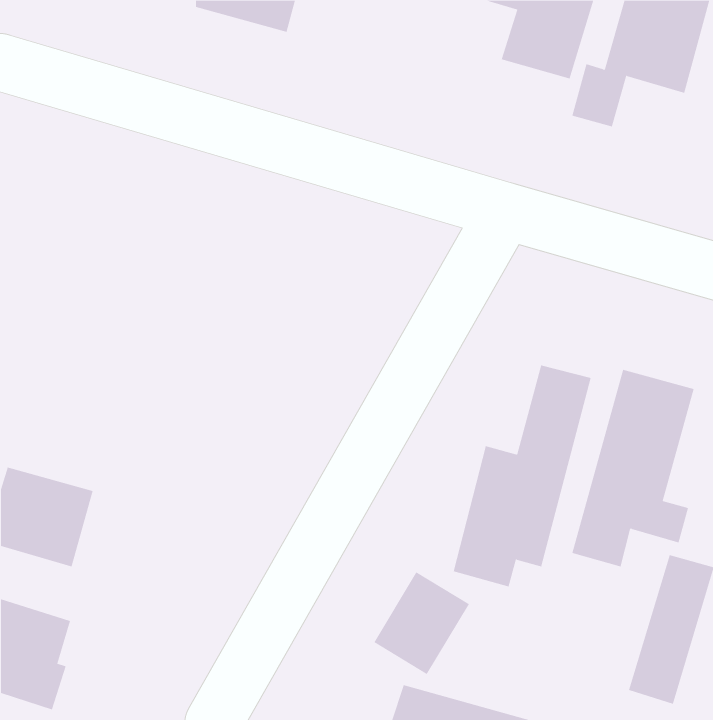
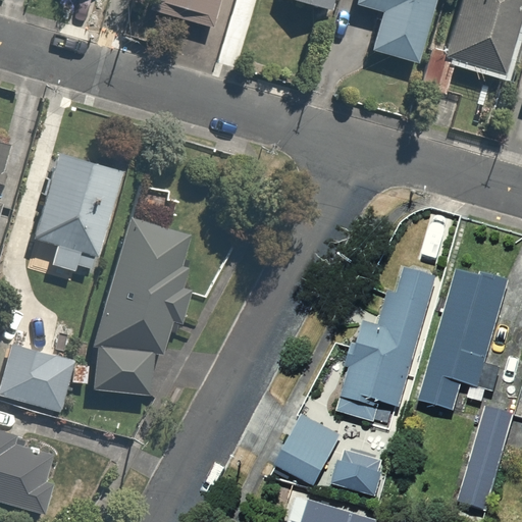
building: none -> [34,150,125,272]
building: none -> [74,215,191,395]
building: none -> [340,452,388,499]

